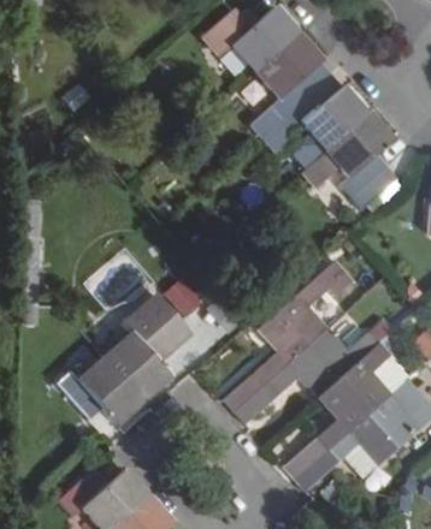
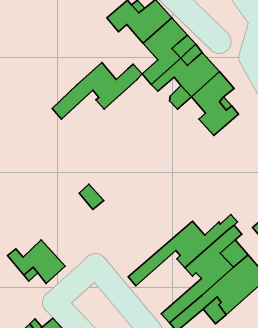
building: none -> [52,63,142,119]
building: [223,262,353,412] -> none
building: [106,297,185,397] -> none

